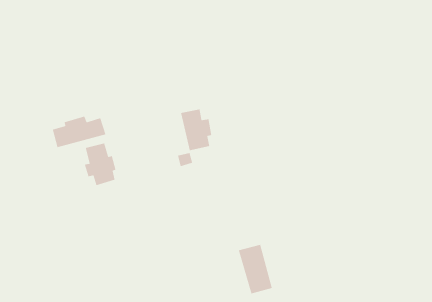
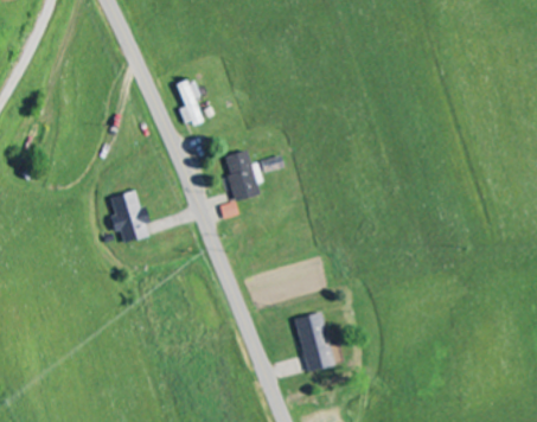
building: none -> [177,79,204,128]
building: [52,115,106,148] -> none

